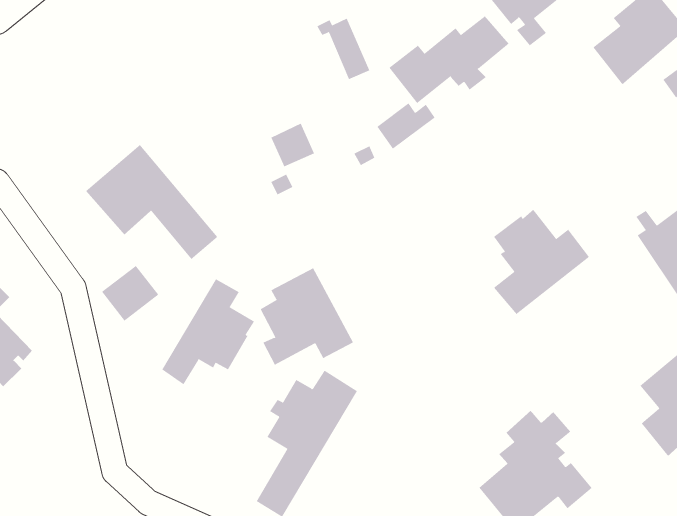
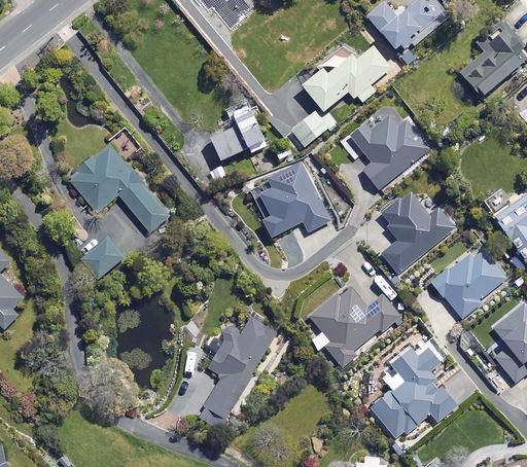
building: [316,18,370,80] -> [225,105,267,152]
building: none -> [350,115,430,188]
building: [260,267,354,365] -> [259,161,331,237]
building: [162,279,255,385] -> none
building: none -> [429,249,506,318]
building: none -> [308,284,403,367]

